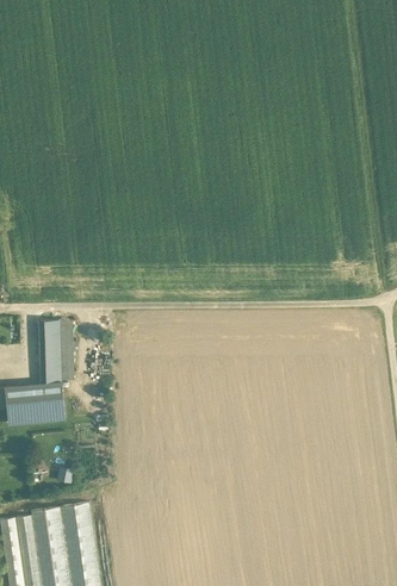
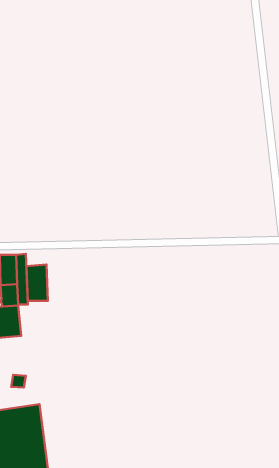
building: none -> [26,265,48,301]

